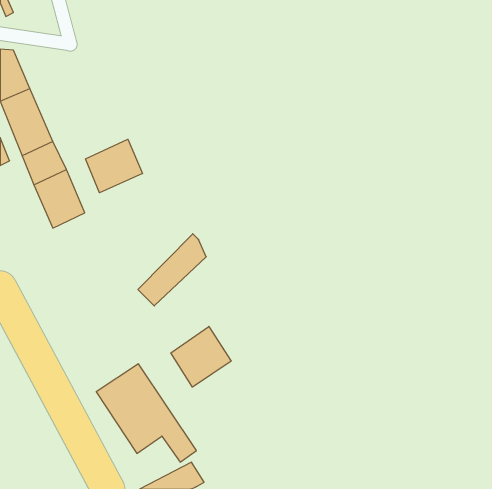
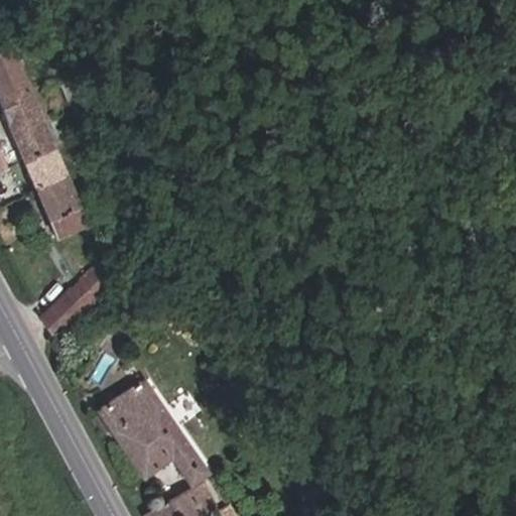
building: [86,139,142,193] -> none
building: [138,234,206,306] -> [42,259,114,335]
building: [171,326,231,387] -> none

